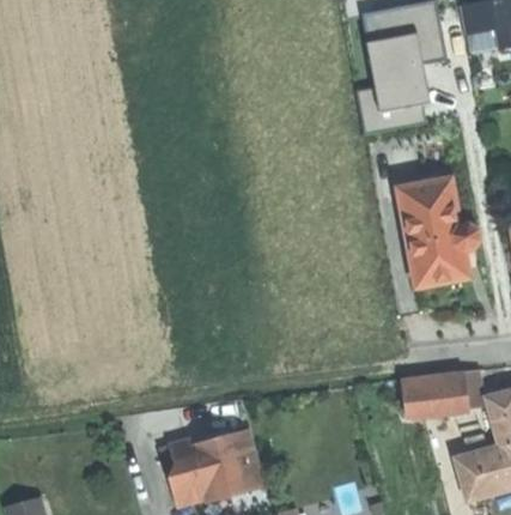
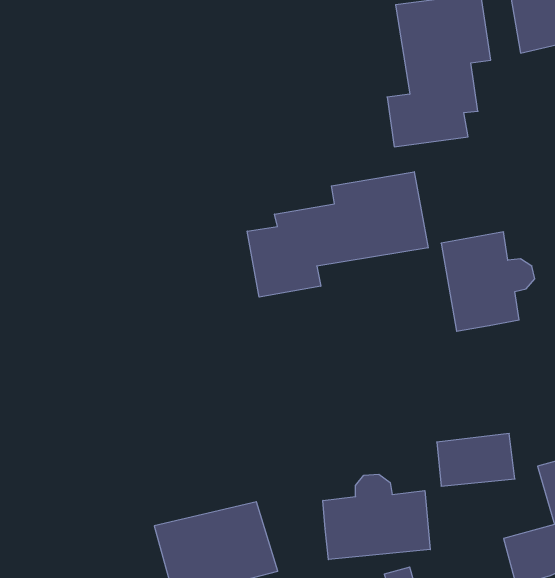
building: none -> [247,172,428,297]
building: [400,180,457,212] -> none
building: none -> [323,474,430,560]

